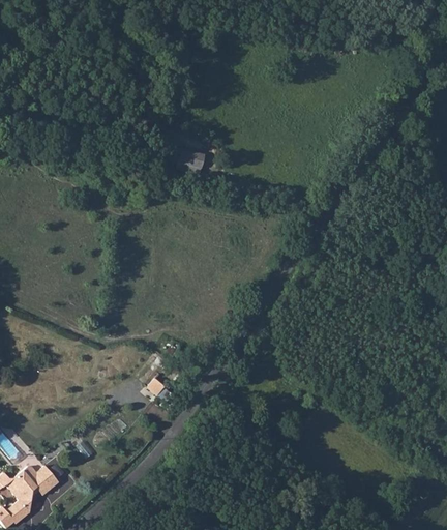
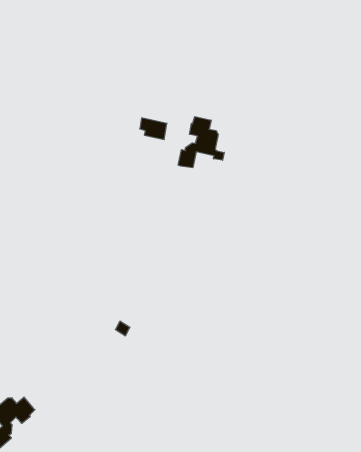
building: none -> [178,117,224,168]

